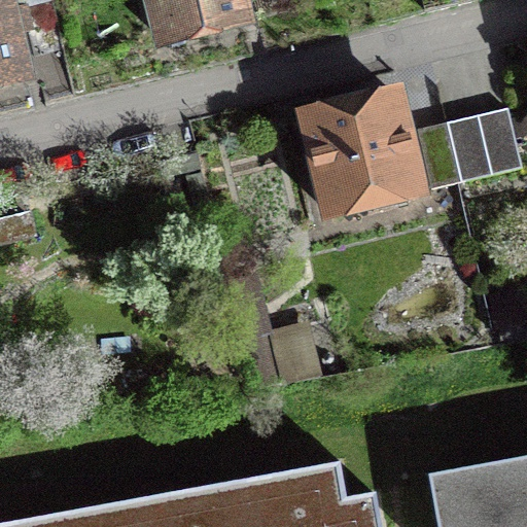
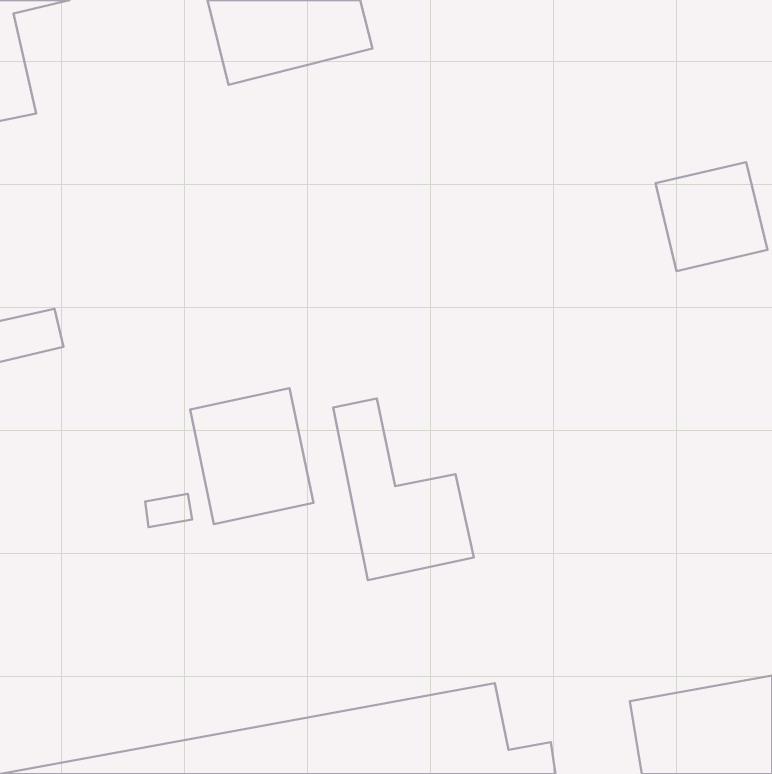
building: [309,95,422,212] -> none
building: none -> [190,388,313,524]

